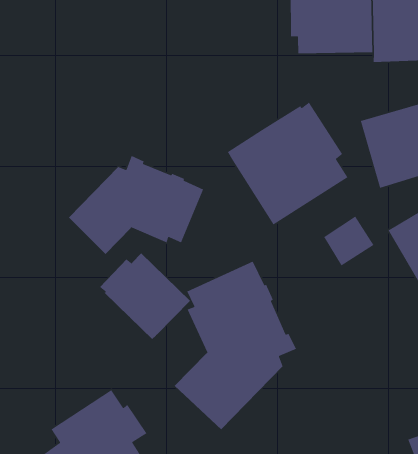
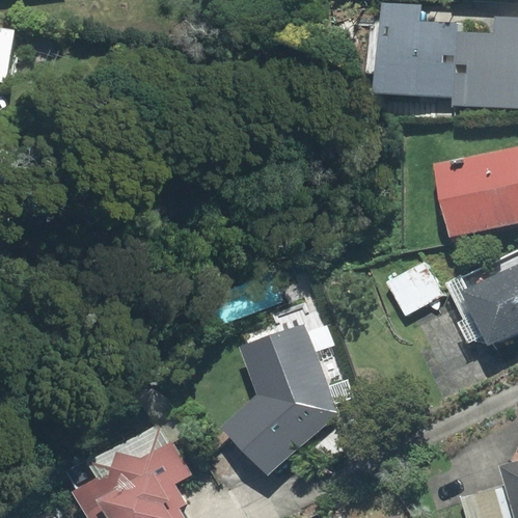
building: [227,102,349,225] -> none
building: [68,155,204,255] -> none
building: [99,253,191,340] -> none

